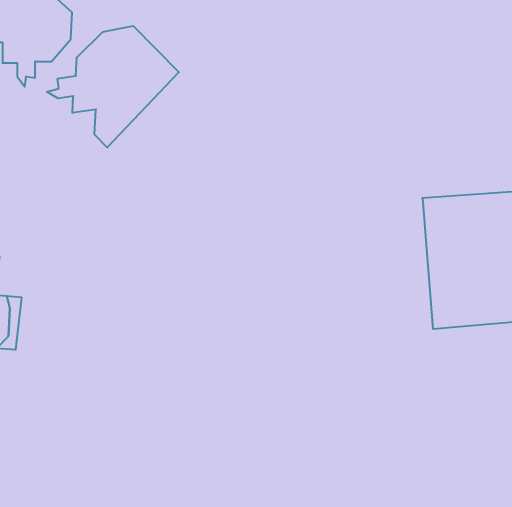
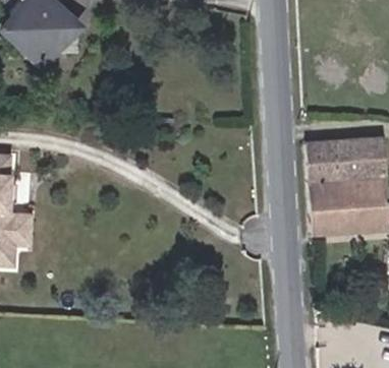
building: [47,26,179,148] -> none

